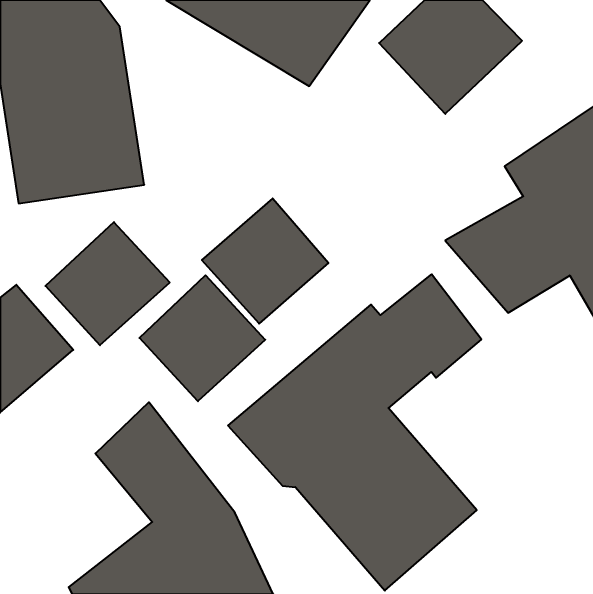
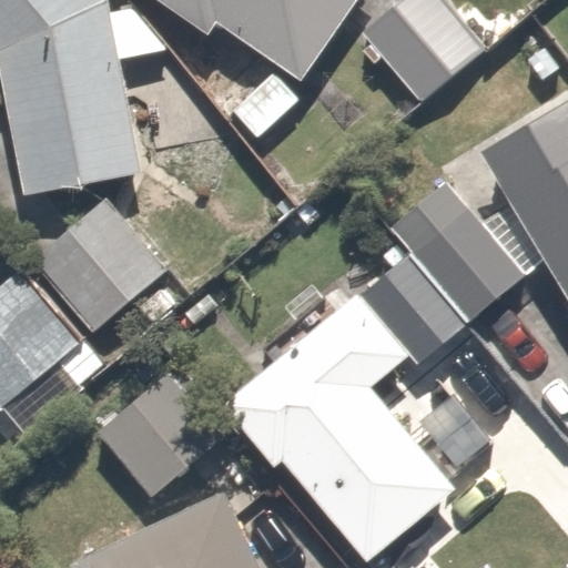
building: [202,198,328,324] -> none
building: [139,275,265,401] -> none

